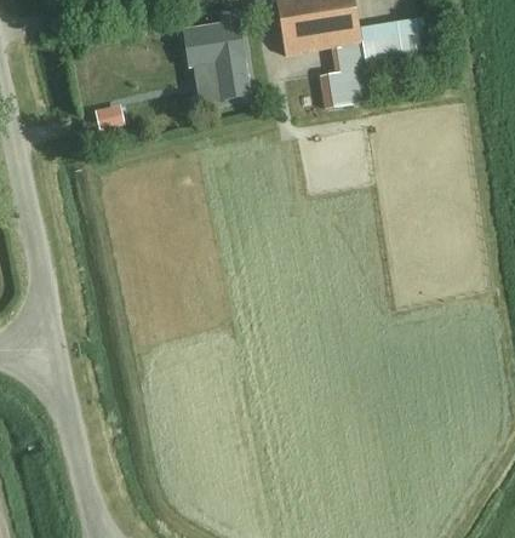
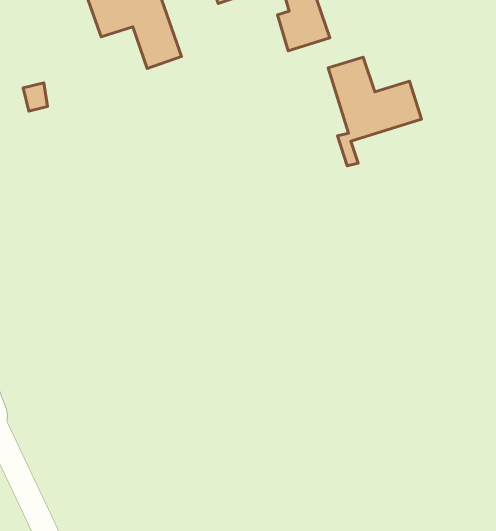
building: none -> [328,57,421,166]

